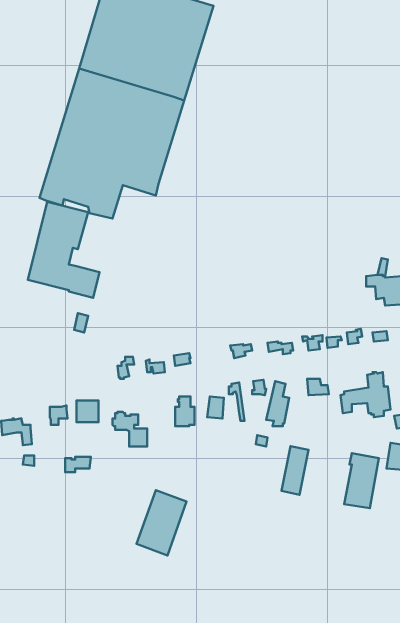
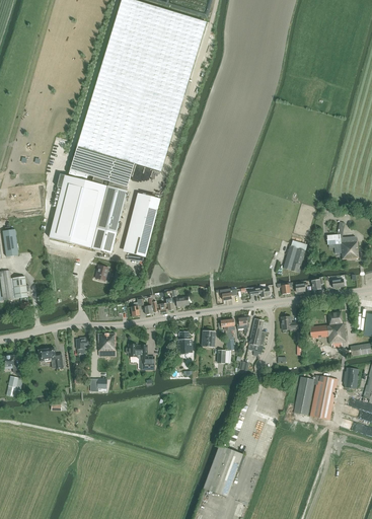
building: none -> [91,184,127,232]
building: none -> [126,194,159,256]
building: none -> [283,245,305,272]
building: [282,446,308,495] -> [293,376,314,415]
building: [137,490,187,555] -> [203,445,242,497]

